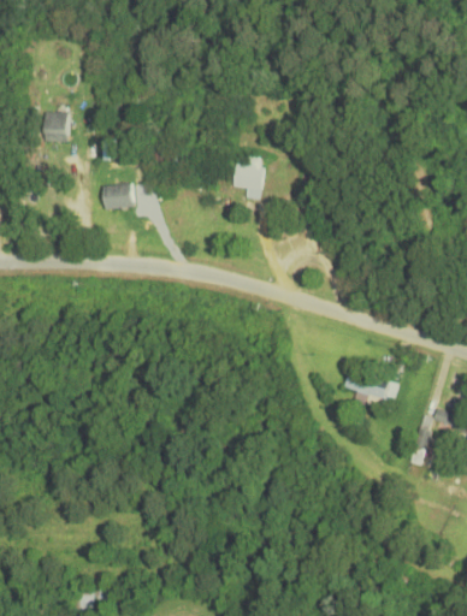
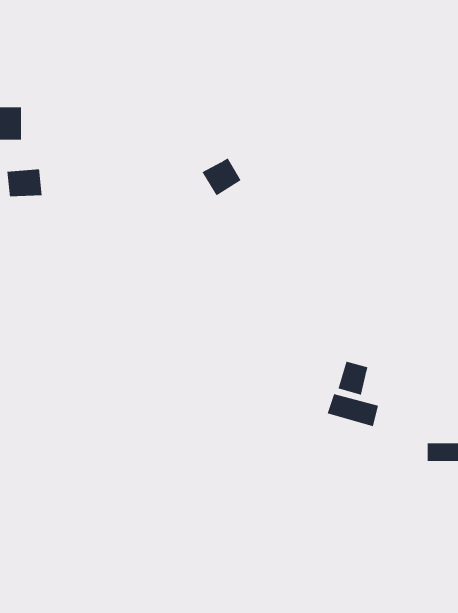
building: [102,184,135,209] -> [6,169,42,197]
building: none -> [338,361,368,396]

